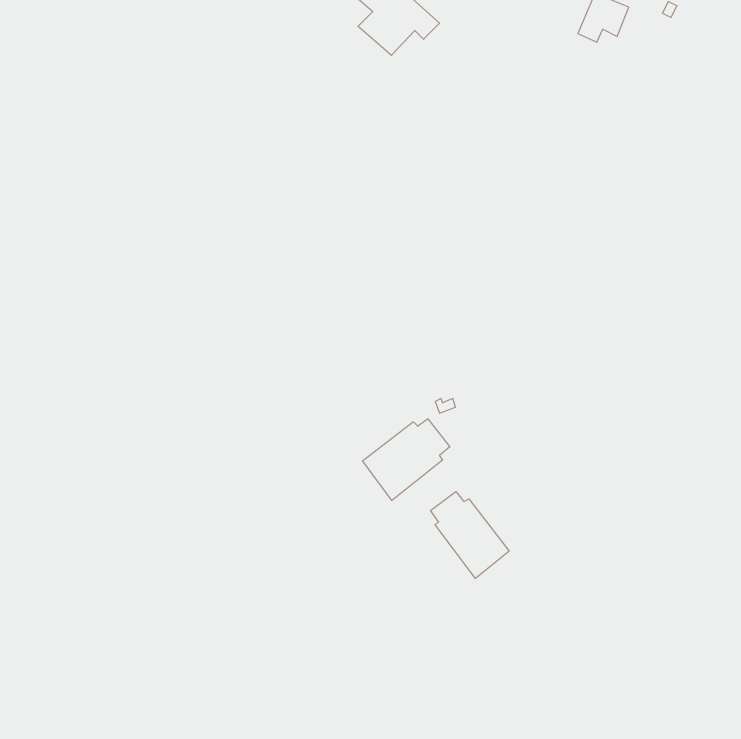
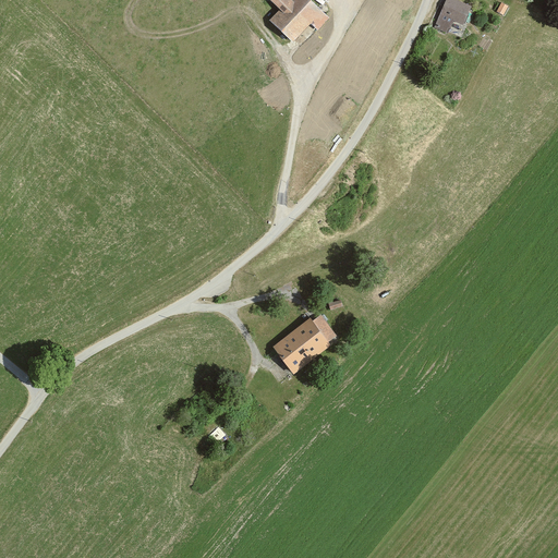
building: [431,492,509,579] -> none

